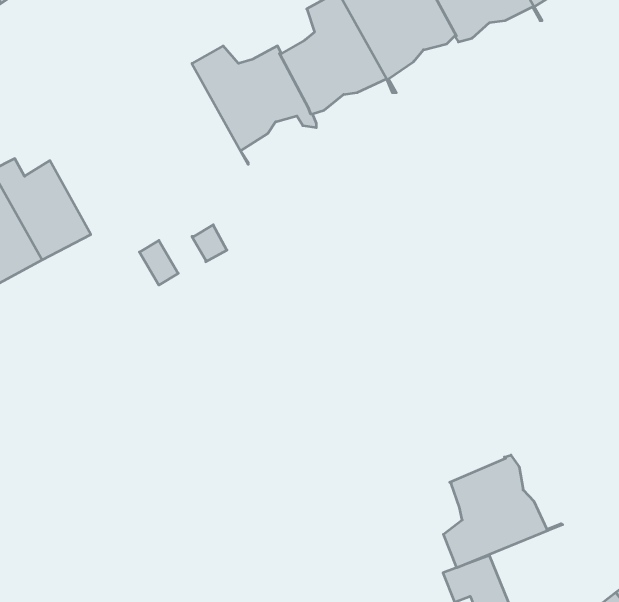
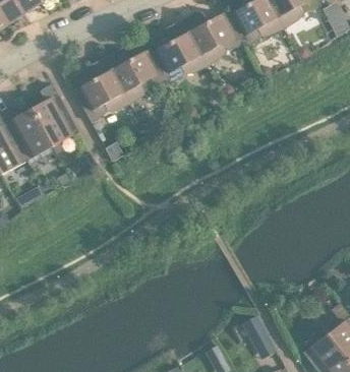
building: none -> [72,57,133,121]
building: none -> [30,81,83,153]
building: [443,455,563,568] -> none

